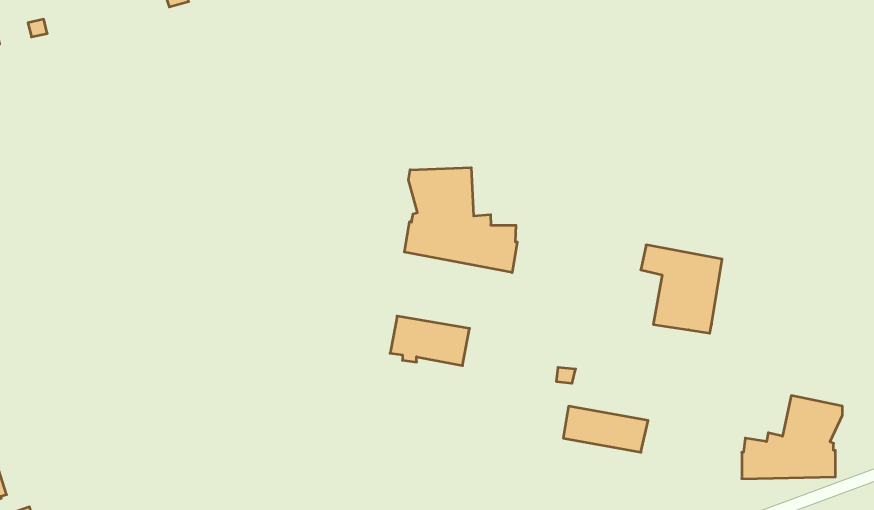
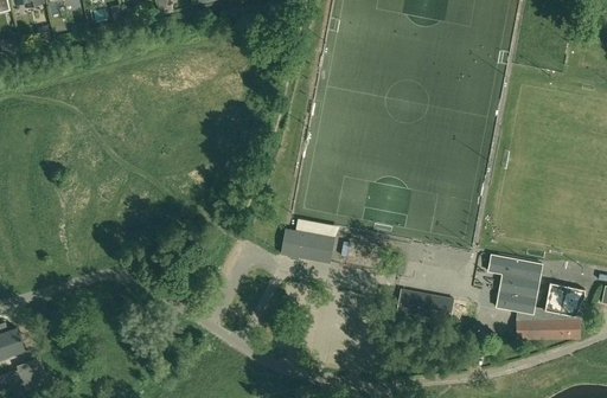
building: [404,168,517,273] -> none
building: [641,245,722,333] -> [486,253,541,313]

